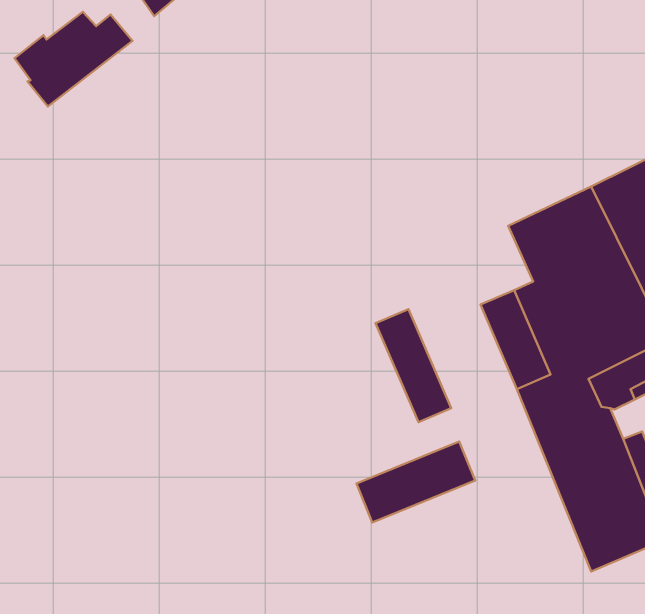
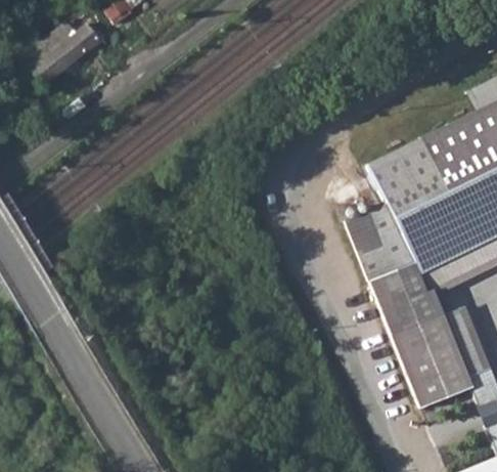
building: [376,309,451,422] -> none
building: [356,442,475,523] -> none

